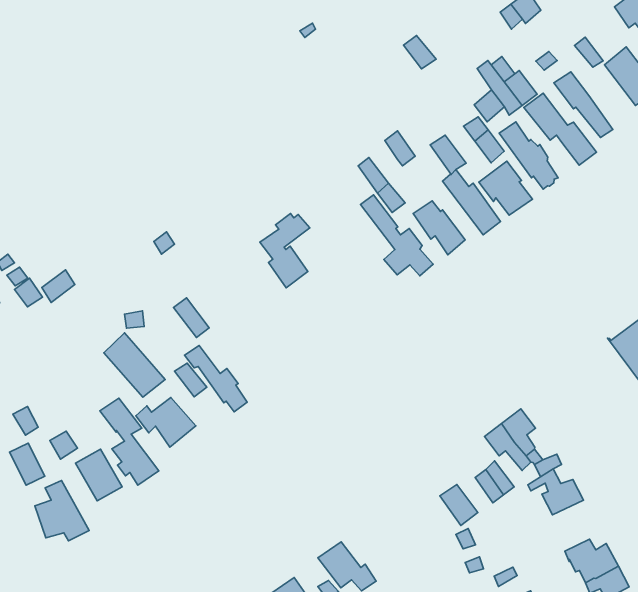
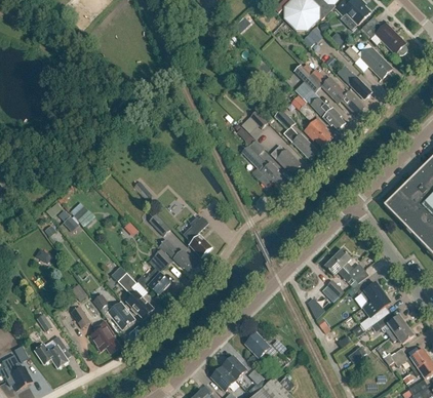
building: [260,214,310,288] -> [183,215,210,255]
building: [104,333,165,397] -> none
building: none -> [358,292,389,330]

